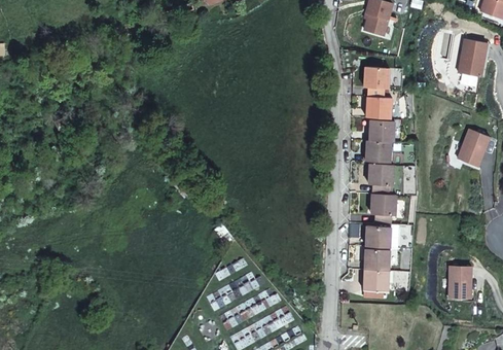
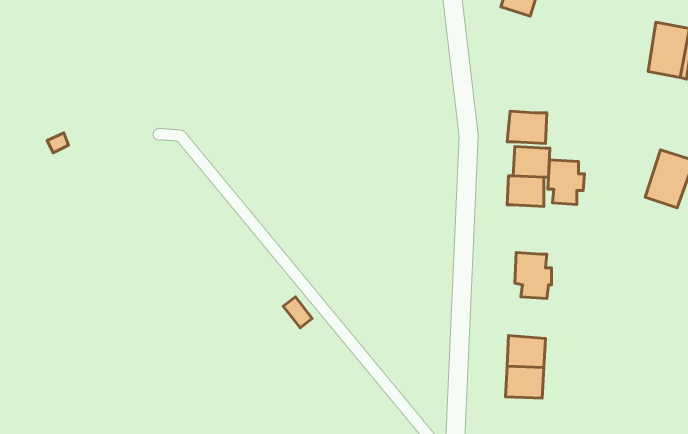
building: [364,69,389,100] -> none
building: [368,165,393,195] -> [548,160,585,204]
building: [366,226,399,248] -> none
building: [452,270,474,302] -> none

